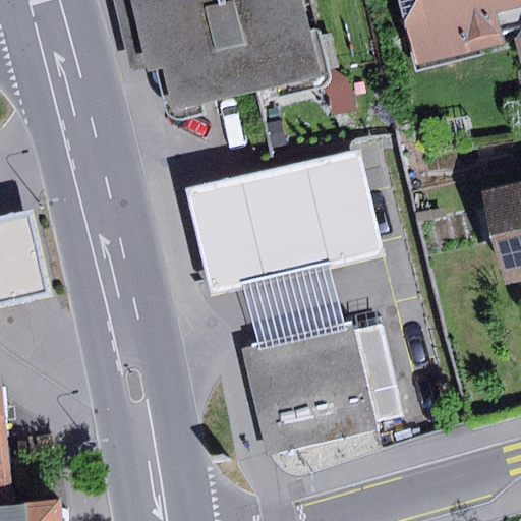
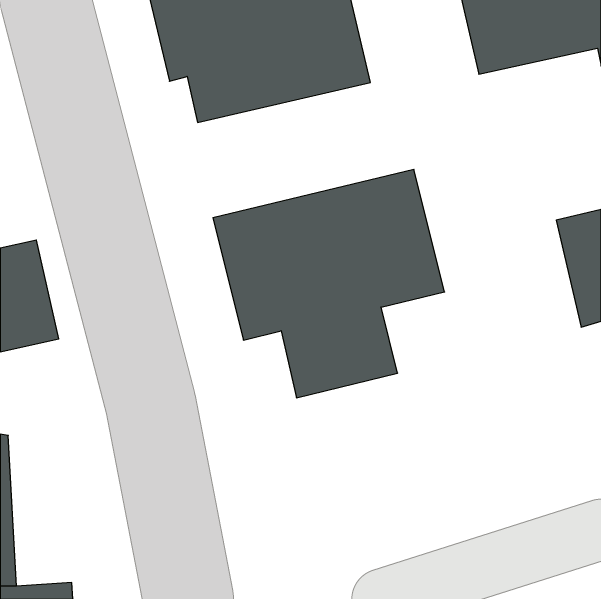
building: [240,314,401,455] -> none

